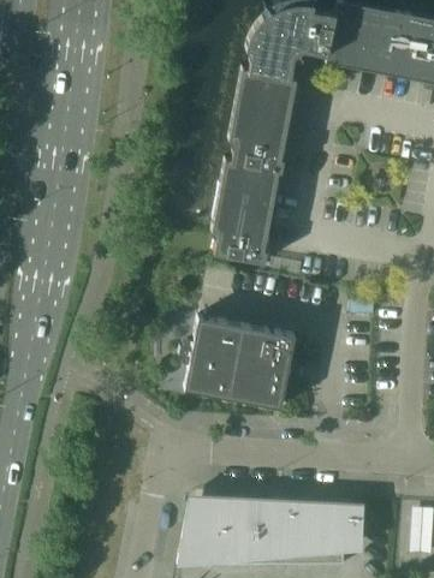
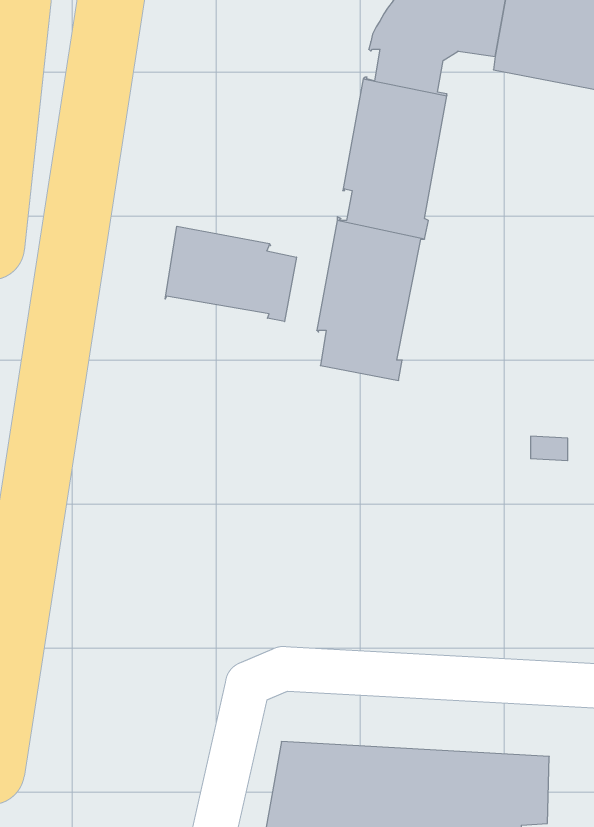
building: none -> [165,226,296,322]
building: [178,316,301,407] -> none

